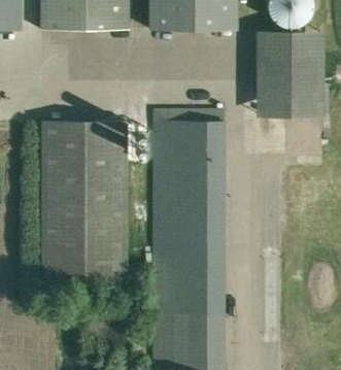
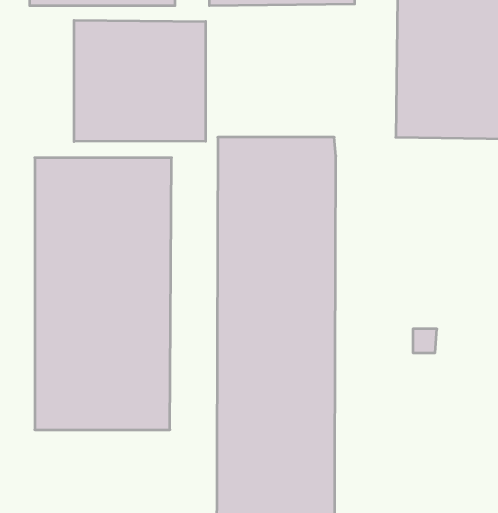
building: none -> [74,20,206,142]

